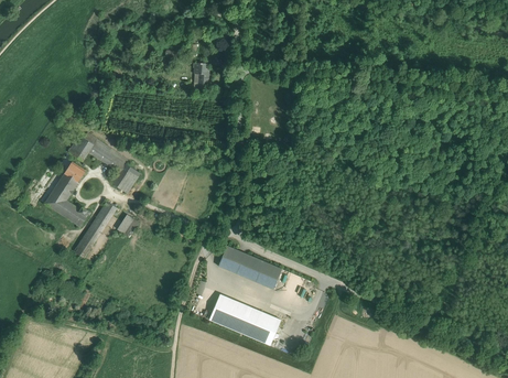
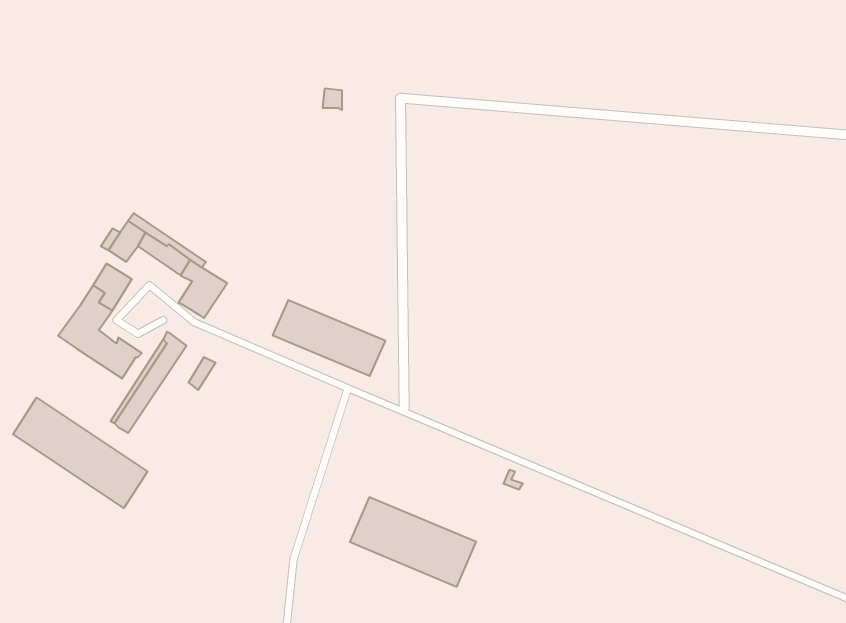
building: none -> [13,398,147,508]
building: [218,246,282,289] -> [273,300,385,376]

